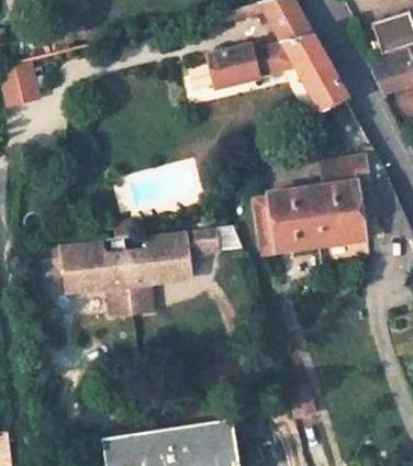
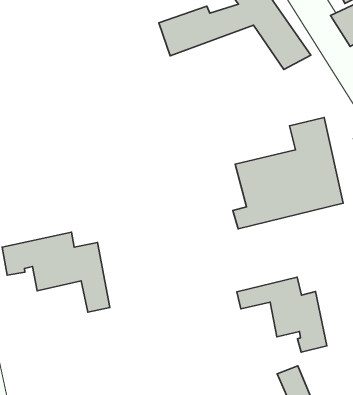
building: [130,230,223,314] -> none
building: none -> [237,277,327,352]

